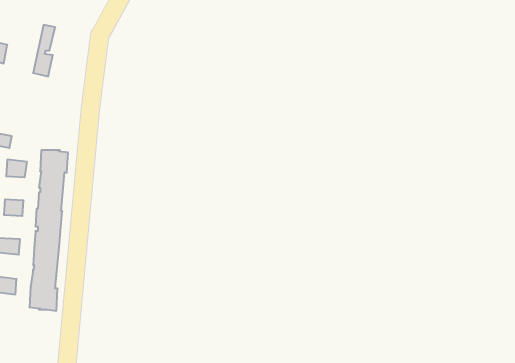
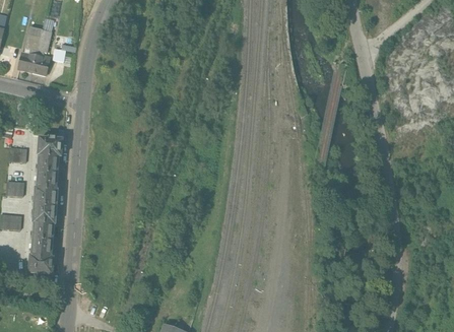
building: none -> [16,25,41,72]

